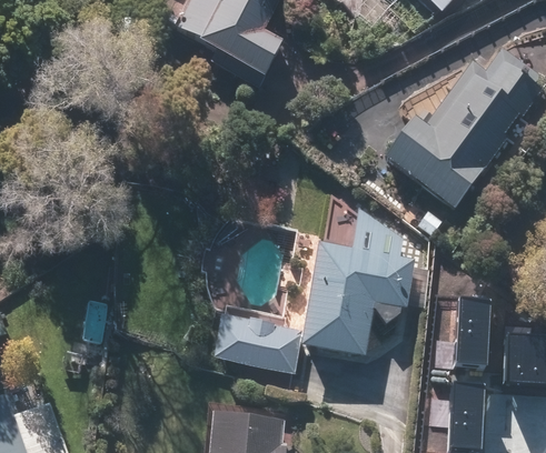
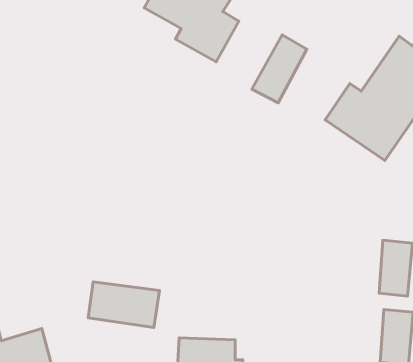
building: none -> [252,35,307,103]
building: [304,222,414,356] -> none
building: [217,319,300,372] -> [88,282,159,327]

